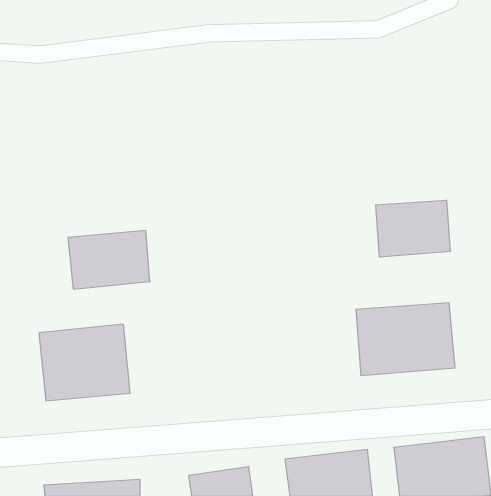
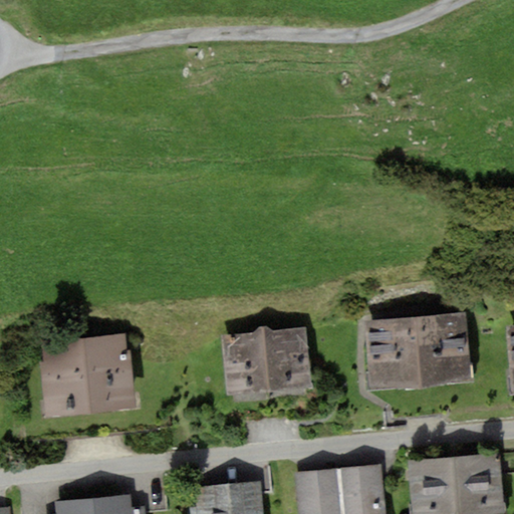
building: [376,200,450,257] -> none
building: [68,230,150,289] -> none
building: none -> [221,328,309,395]

